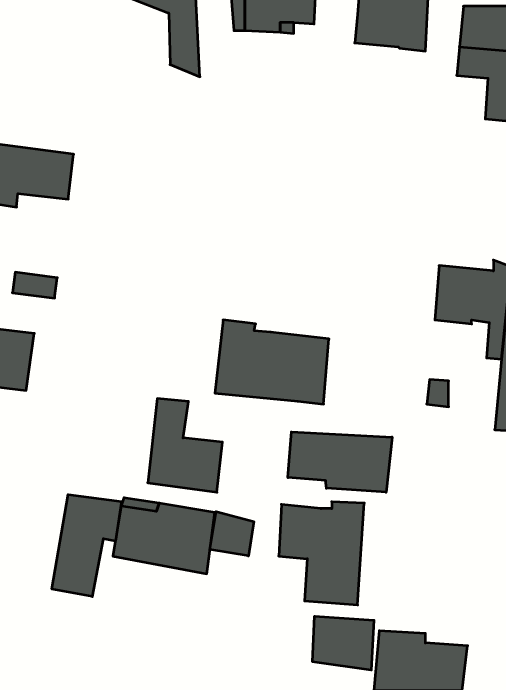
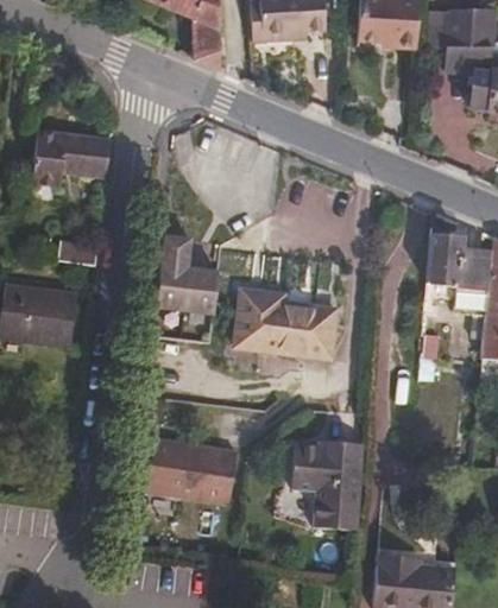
building: [148,399,222,492] -> [159,238,225,319]
building: [288,432,392,492] -> none
building: [52,495,121,597] -> none
building: [210,512,254,556] -> none
building: [313,616,374,670] -> none

